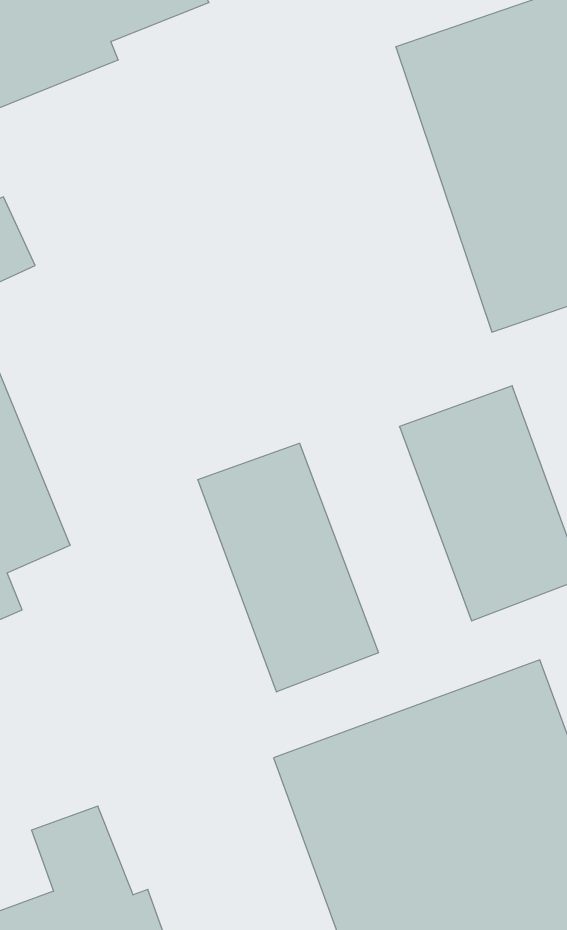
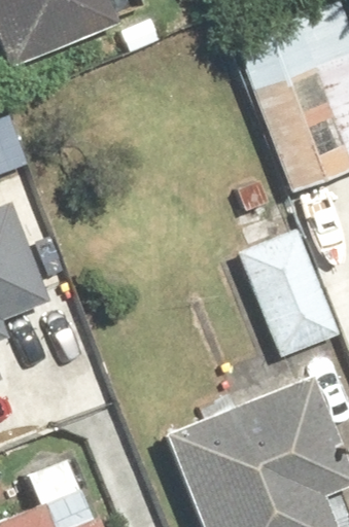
building: [198,443,378,692] -> none

